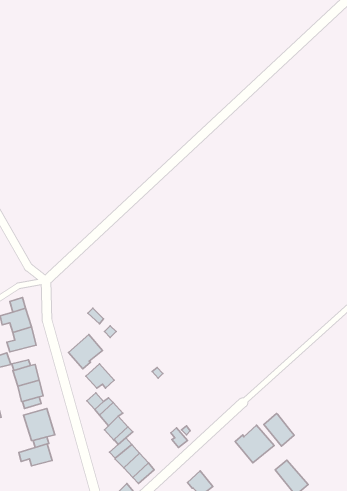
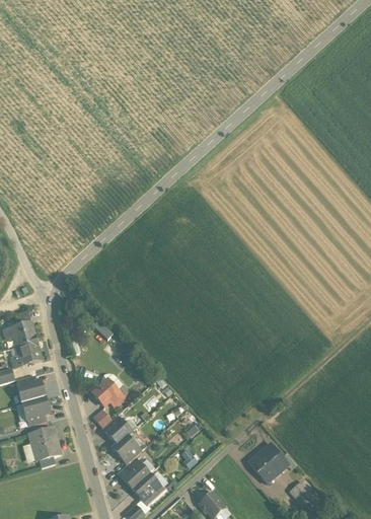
building: [68,334,102,369] -> none
building: [264,414,294,446] -> none
building: [19,444,52,466] -> none

